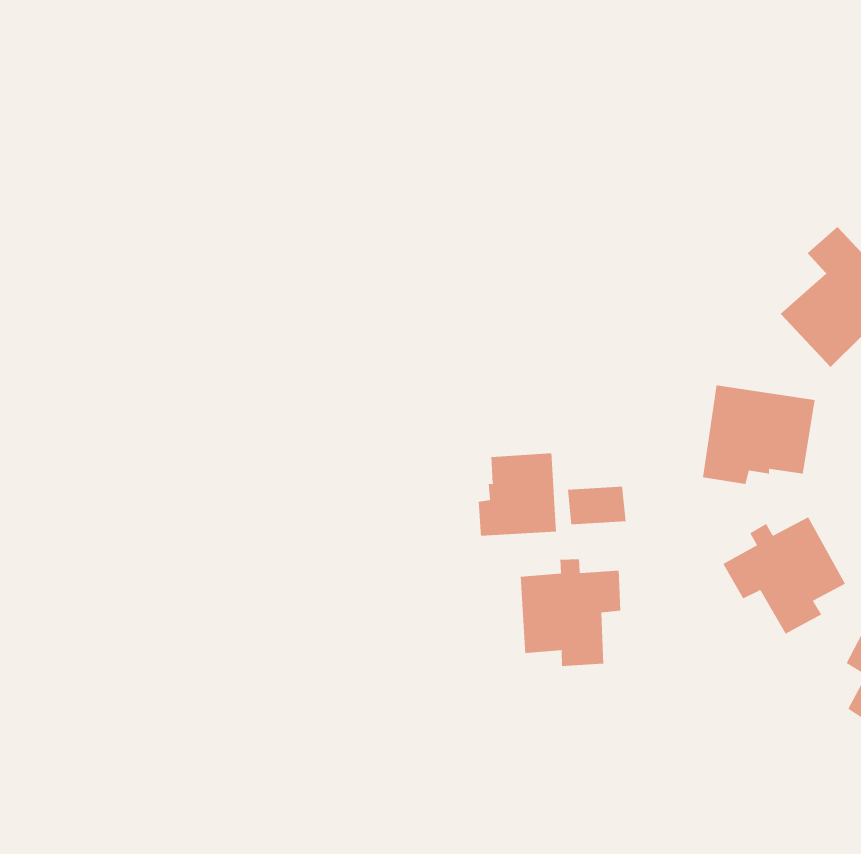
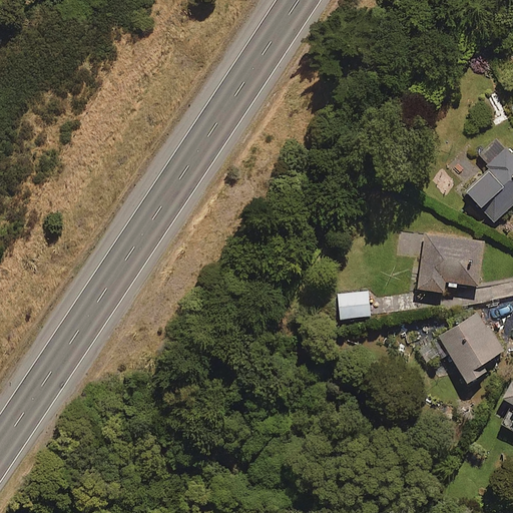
building: [478,453,557,536] -> none
building: [520,559,621,667] -> none

